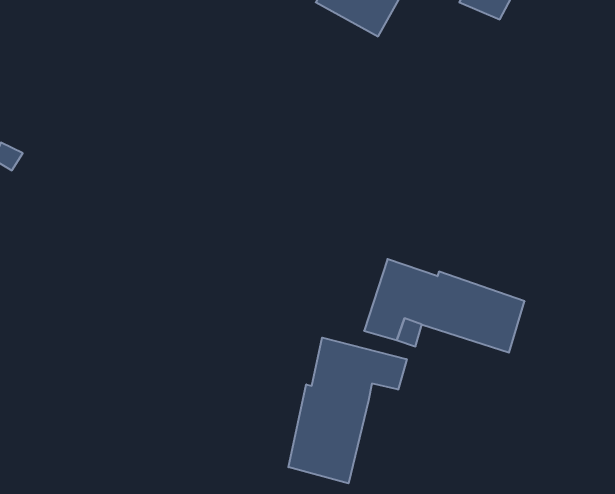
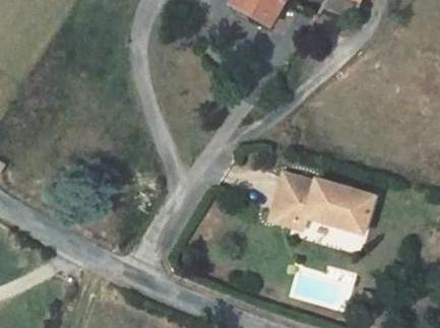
building: [288,338,407,483] -> none

